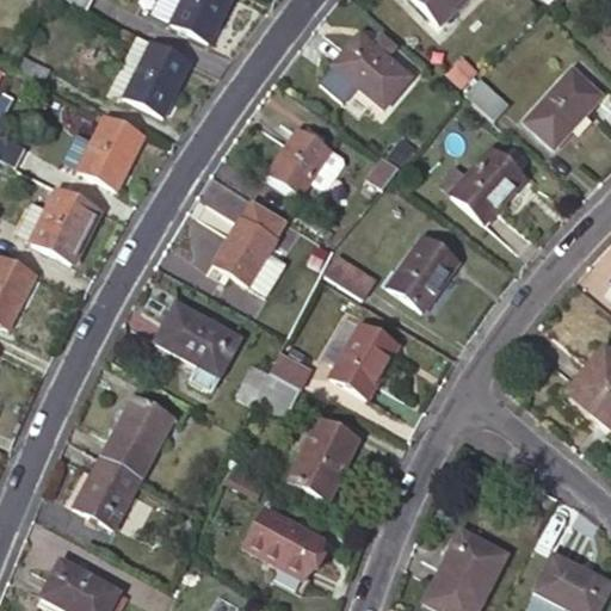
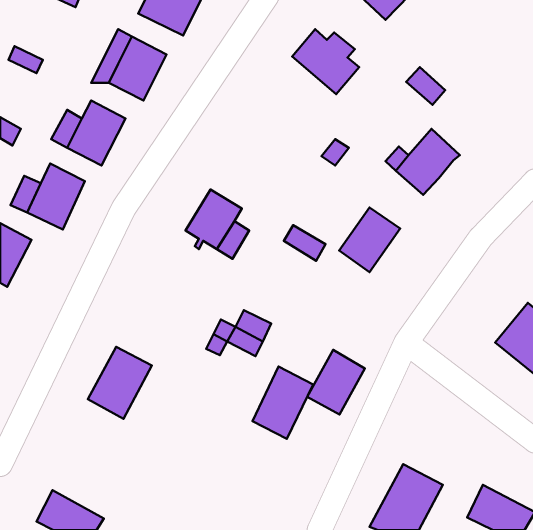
building: [526,68,603,146] -> none
building: [271,128,333,195] -> none
building: [158,303,240,390] -> none
building: [332,322,397,396] -> [307,350,365,415]
building: [75,455,143,527] -> none
building: [246,510,323,576] -> none

